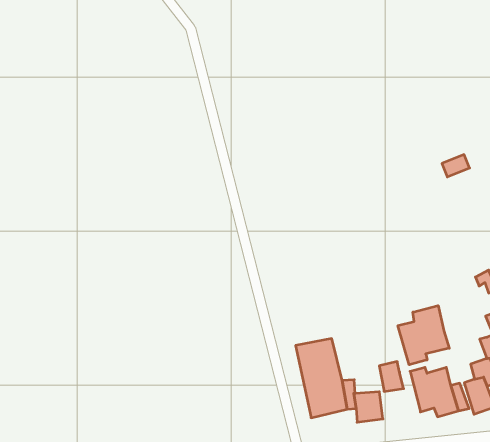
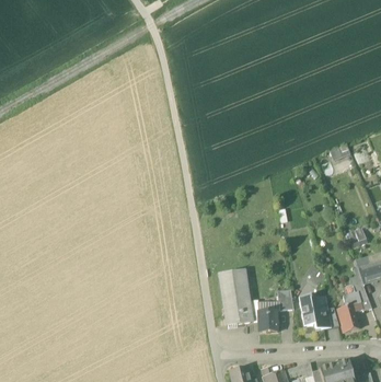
building: [398,306,449,365] -> none

